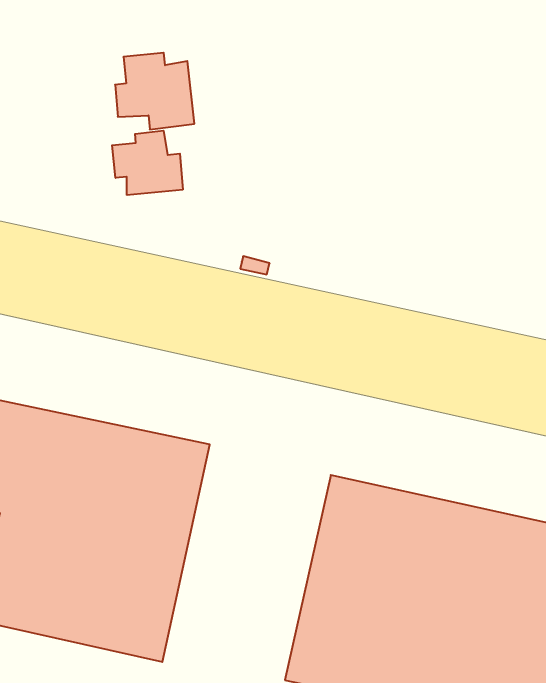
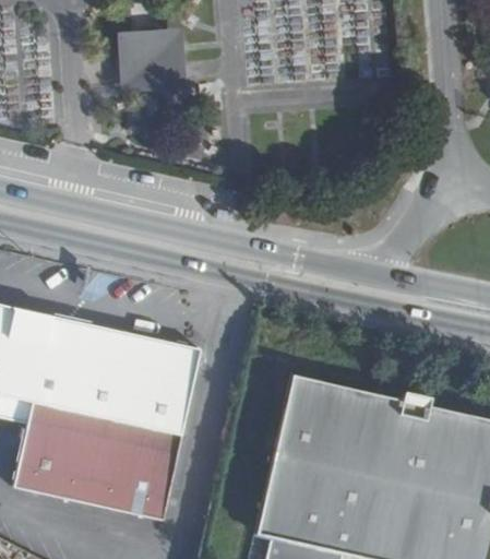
building: [112,131,183,195] -> none

